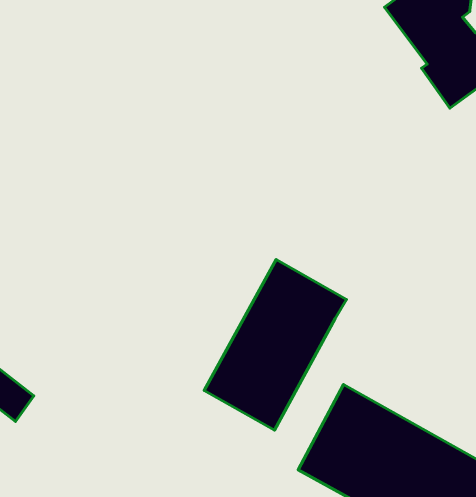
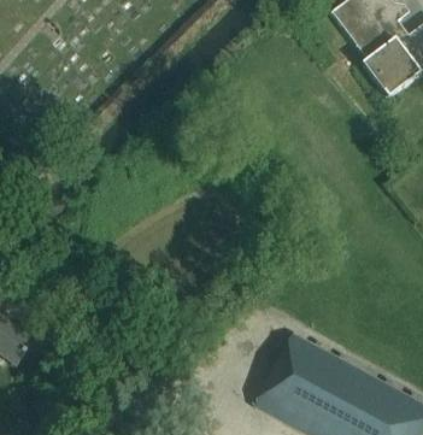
building: [204,260,347,430] -> none

